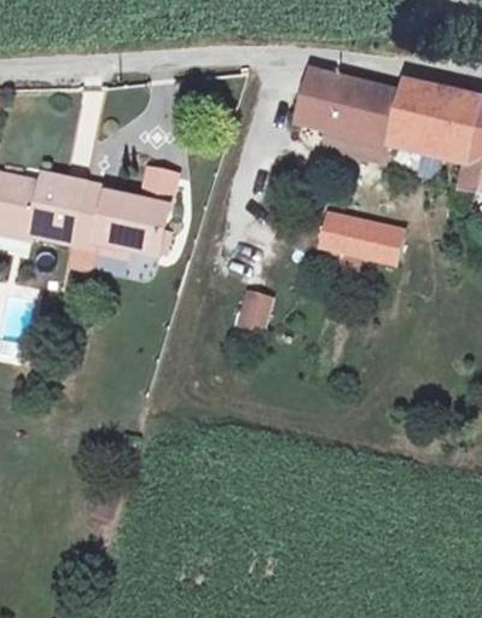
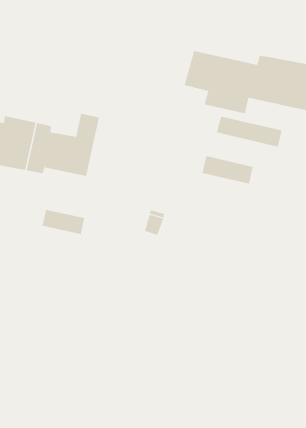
building: none -> [216,116,282,147]
building: none -> [42,209,85,235]

